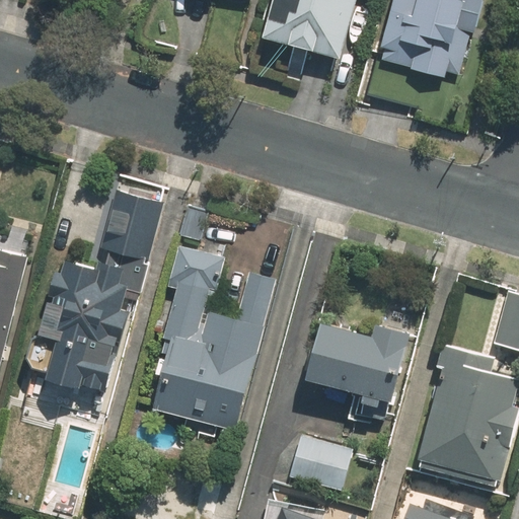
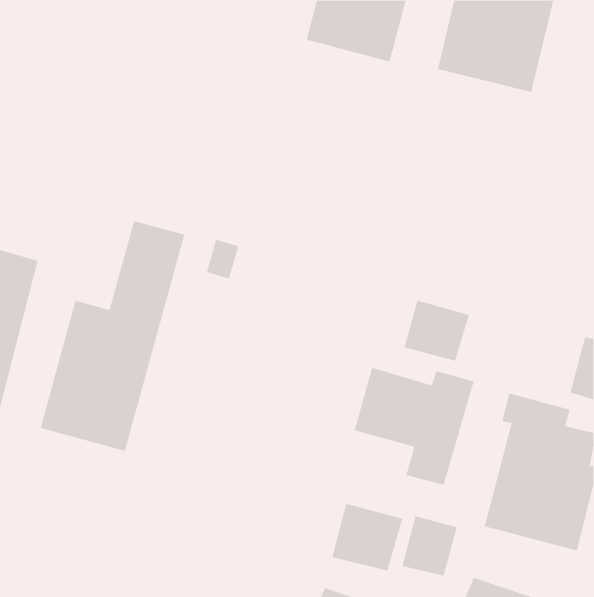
building: [156,246,275,431] -> none
building: none -> [404,300,469,361]
building: none -> [402,516,458,576]

